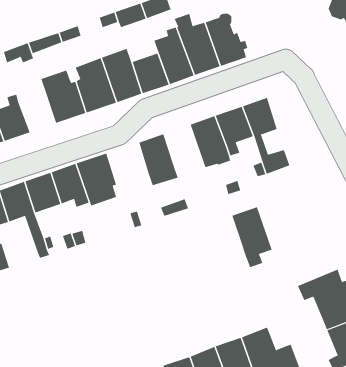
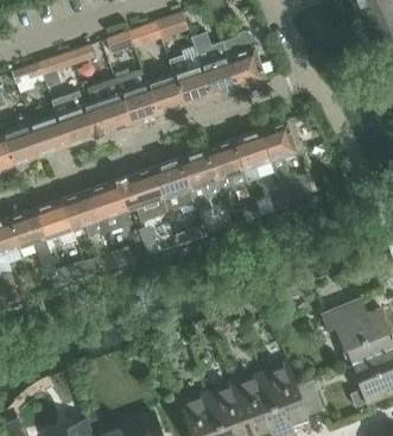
building: none -> [28,114,66,156]
building: none -> [120,166,163,222]
building: [231,206,272,268] -> [179,147,222,211]

